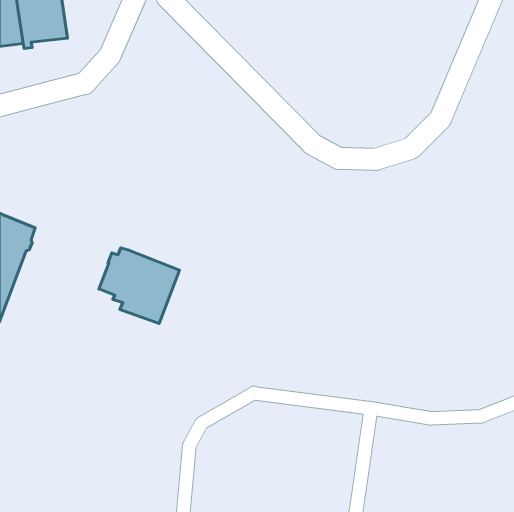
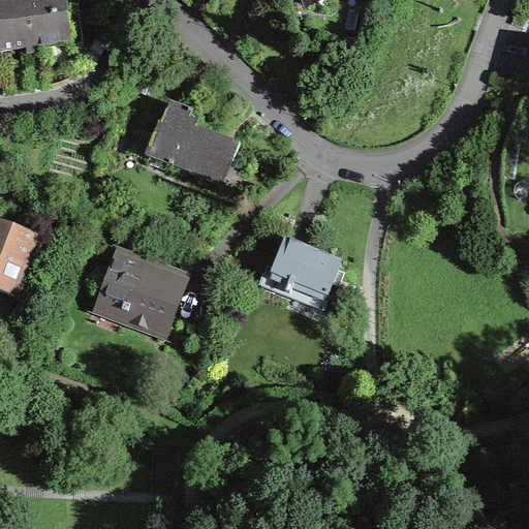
building: none -> [147,100,227,175]
building: none -> [269,237,341,299]

